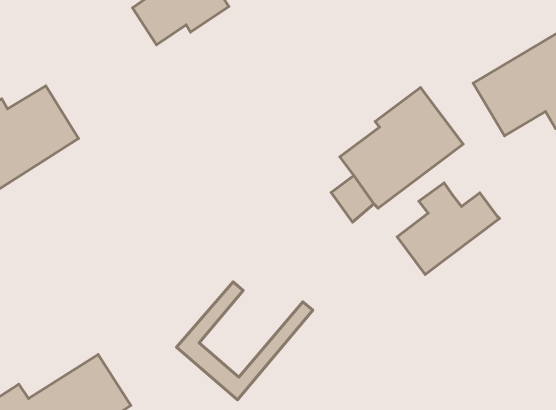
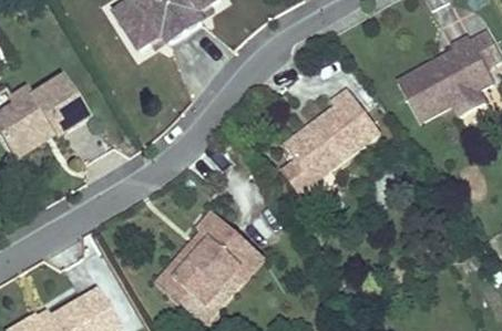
building: [397,183,500,274] -> none
building: none -> [177,208,258,303]

